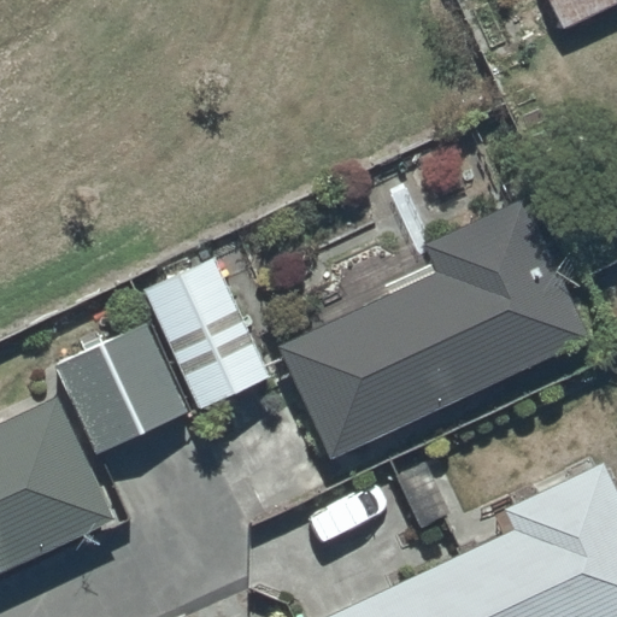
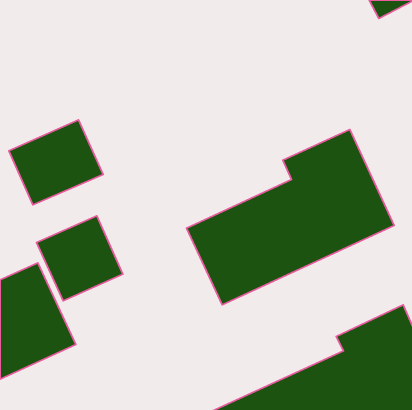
building: none -> [9,120,103,205]
building: [143,258,268,410] -> none

